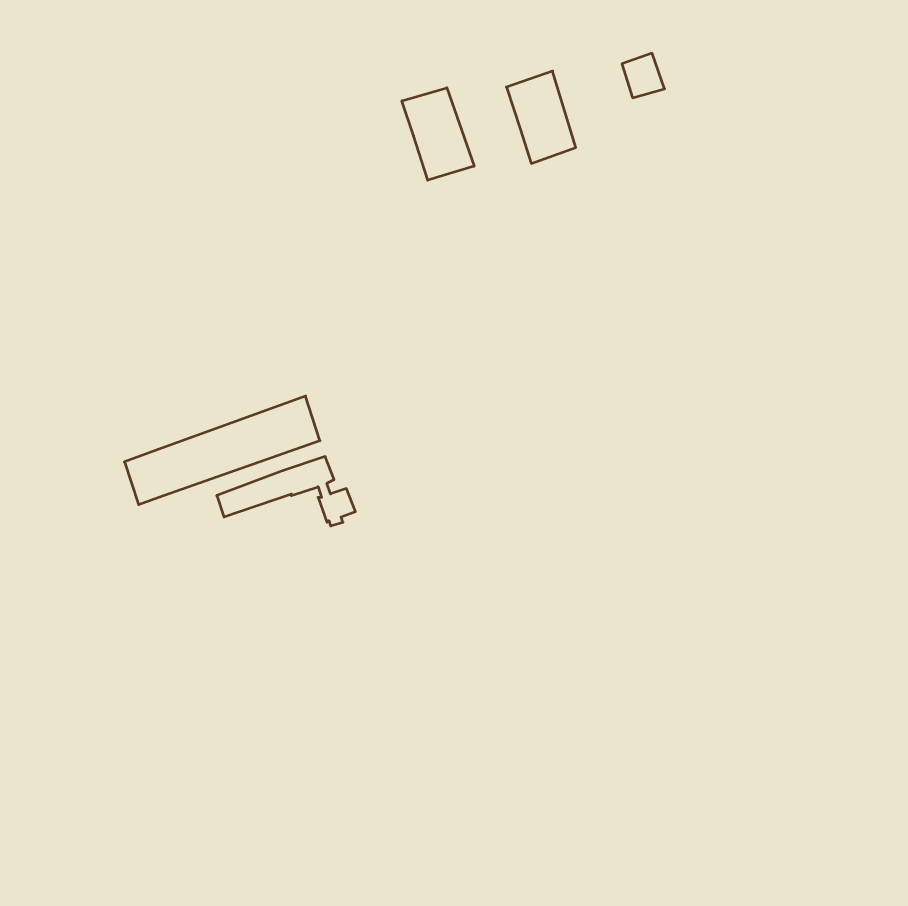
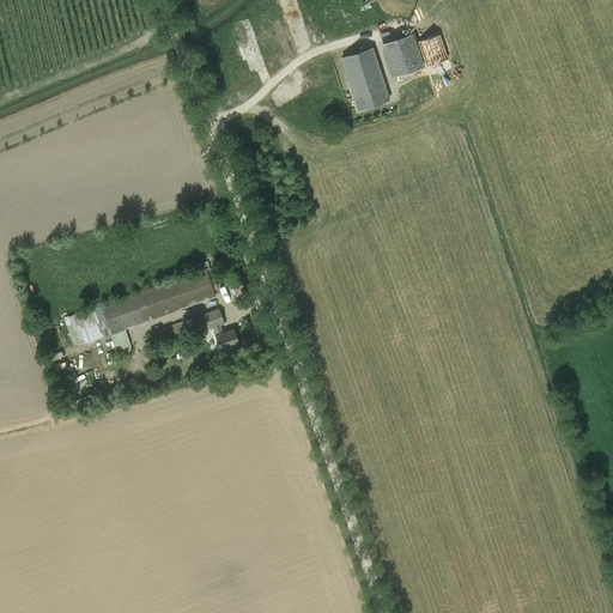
building: none -> [380,35,424,79]
building: [402,88,474,180] -> none

